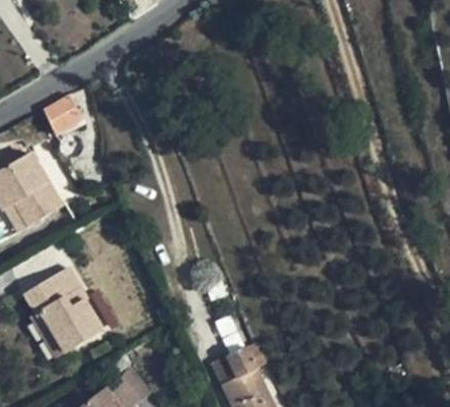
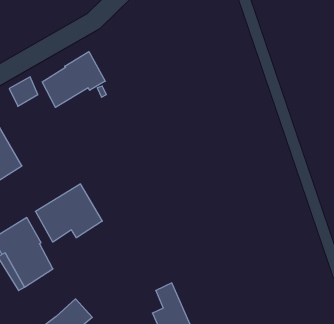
building: none -> [42,52,105,107]
building: none -> [35,184,102,242]

